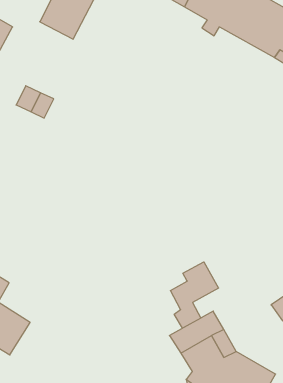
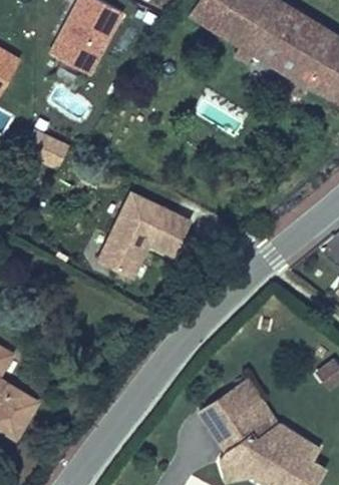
building: none -> [98,194,188,278]
building: [170,262,219,328] -> none

